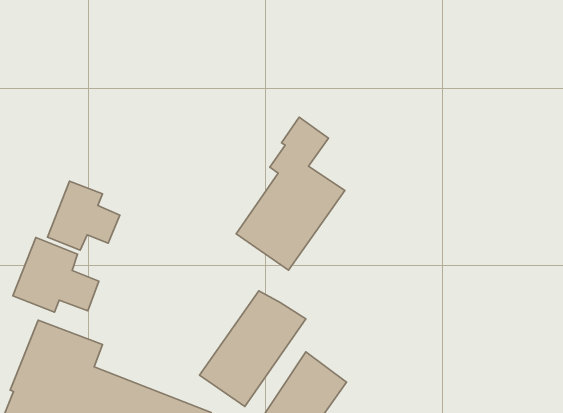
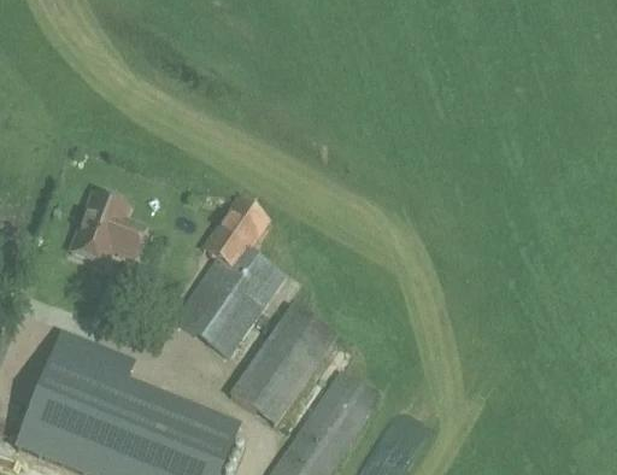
building: [236,117,345,270] -> [172,200,284,358]
building: [13,238,99,312] -> none

